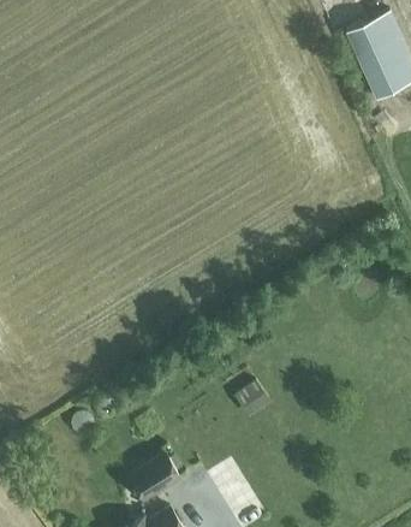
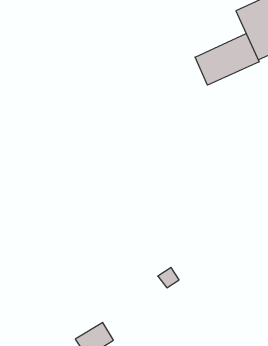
building: none -> [195,34,259,85]

